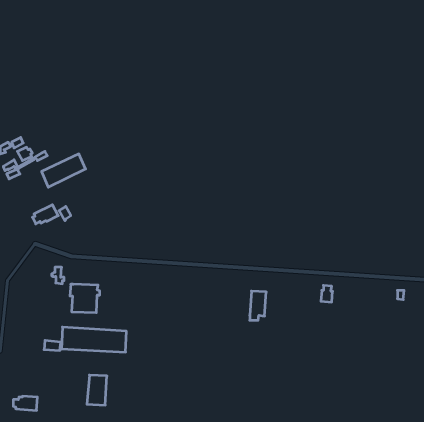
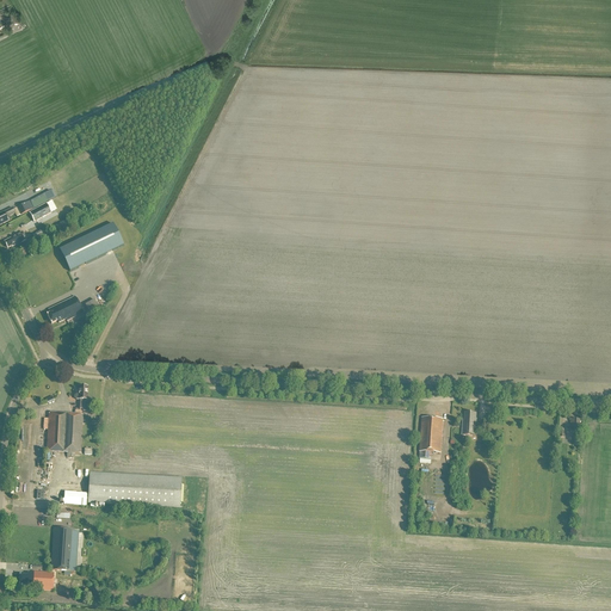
building: [70,284,100,313] -> [44,409,87,450]
building: [250,291,266,320] -> [420,414,444,456]
building: [87,375,107,405] -> [51,526,80,569]

